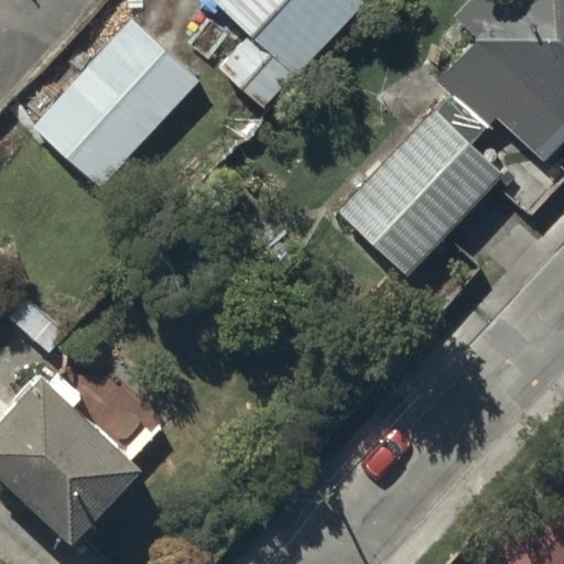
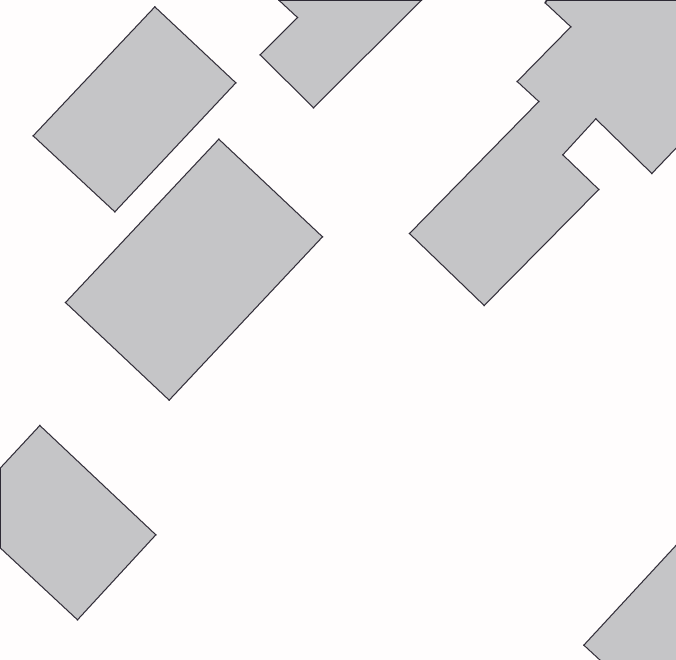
building: none -> [66,139,322,400]

